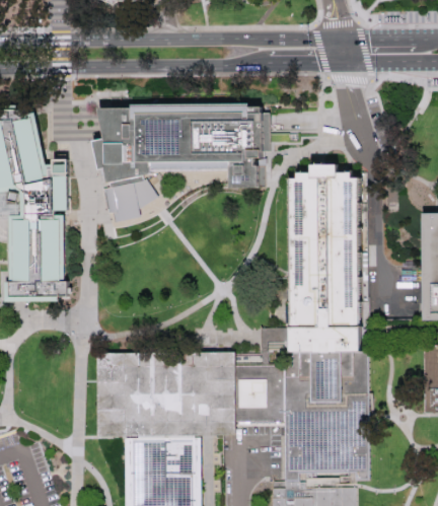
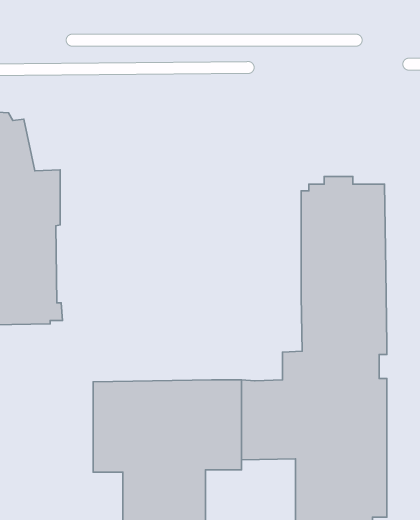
building: [92,103,270,221] -> none

